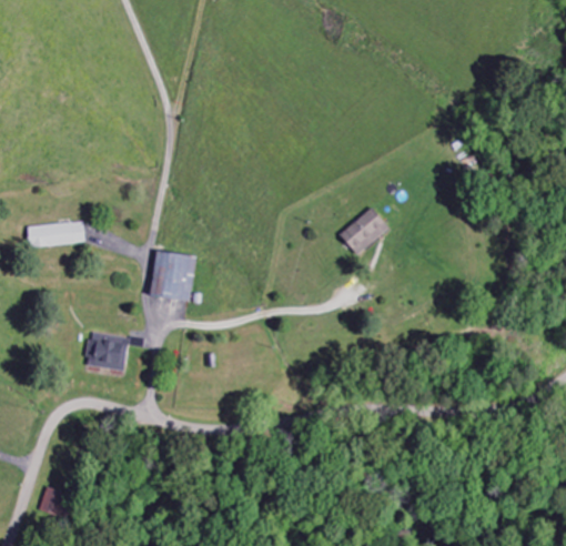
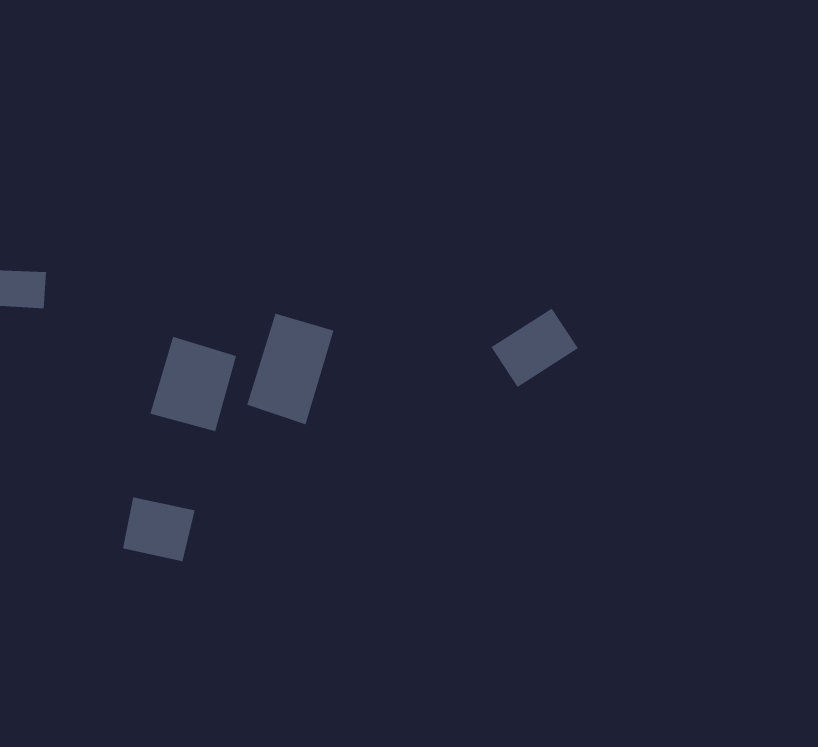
building: none -> [246,313,334,425]
building: [89,336,128,370] -> [122,497,195,562]

